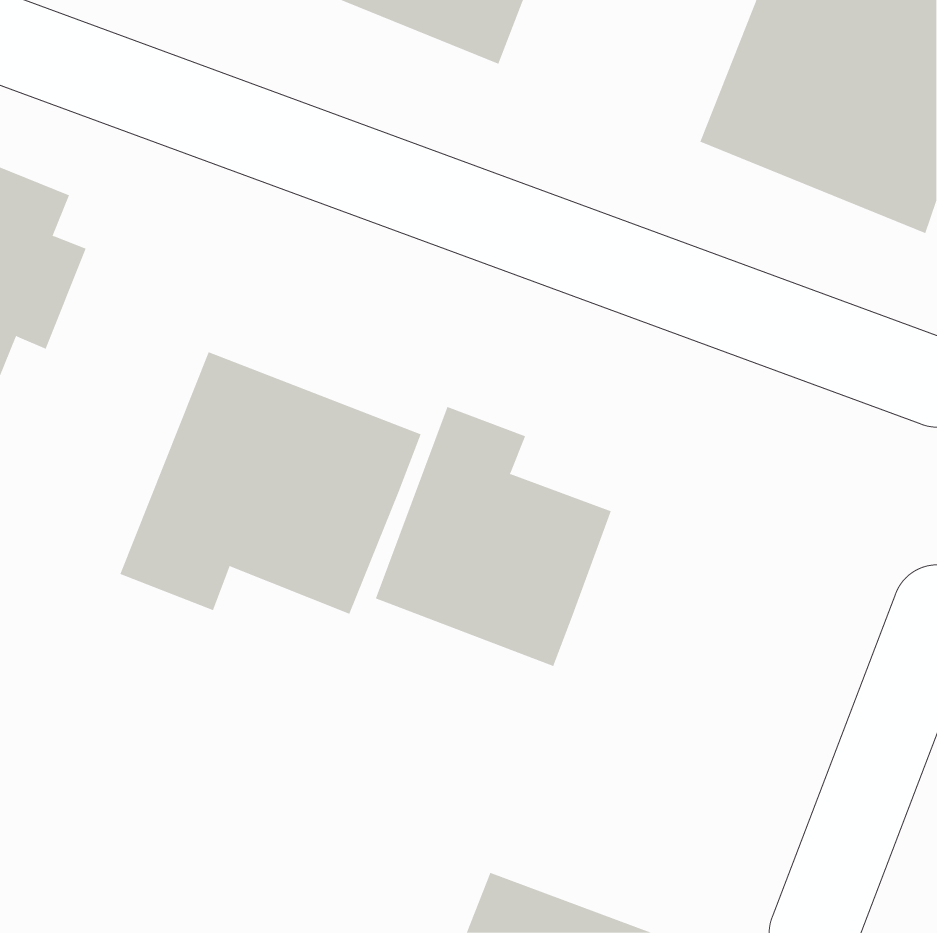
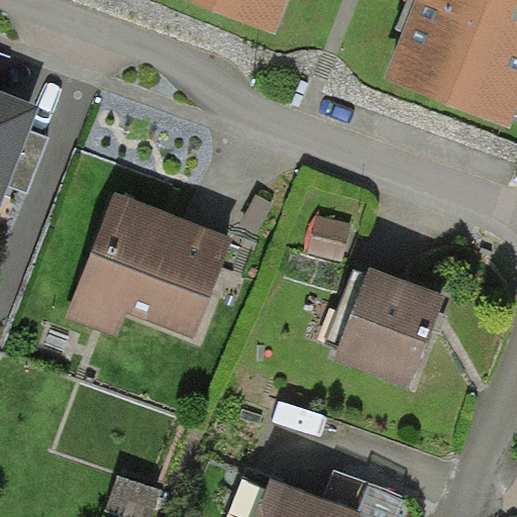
building: [375,406,612,667] -> none
building: none -> [333,268,444,387]

